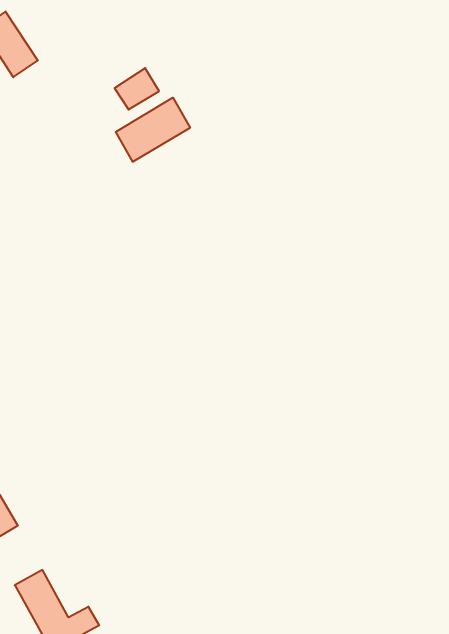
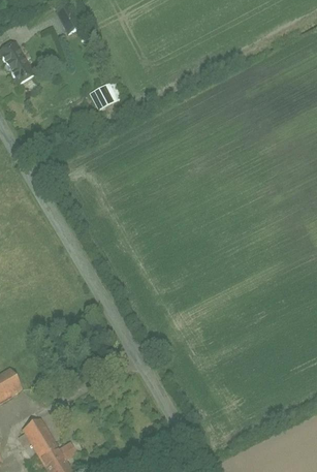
building: [116,98,190,162] -> none

